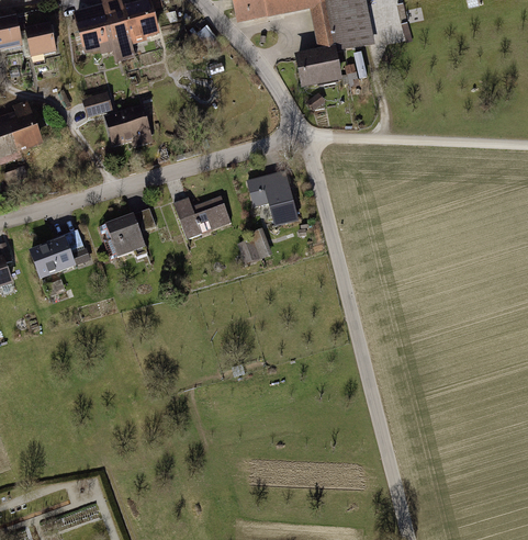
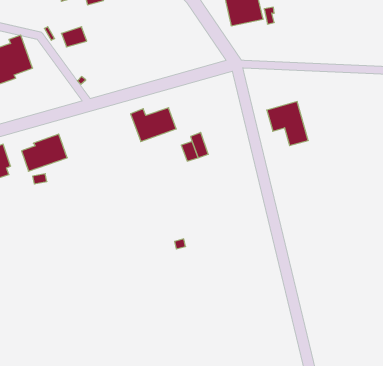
building: [103,102,154,147] -> none
building: [245,169,299,226] -> [267,102,308,146]
building: [98,207,156,258] -> none

